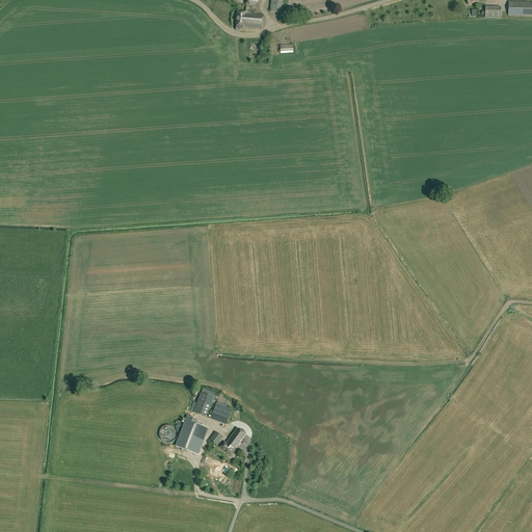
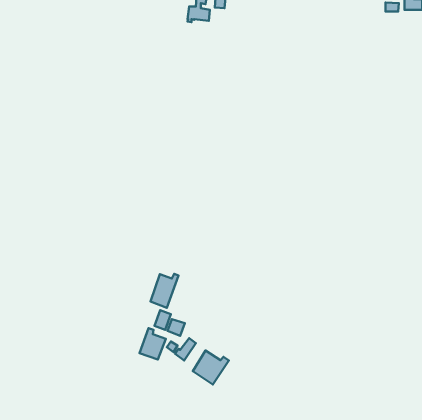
building: none -> [150,274,179,308]
building: none -> [193,350,229,385]

